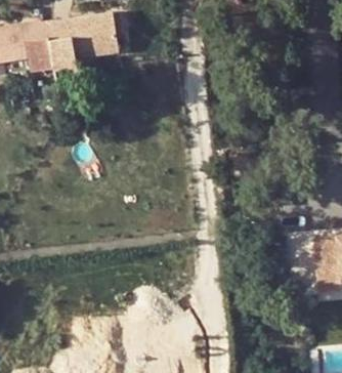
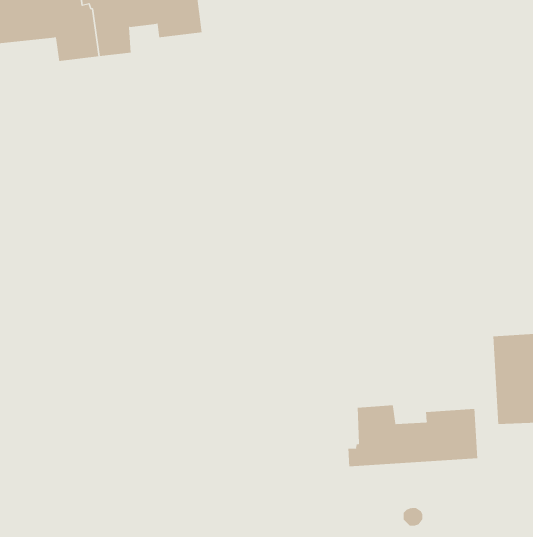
building: none -> [348,404,478,467]

